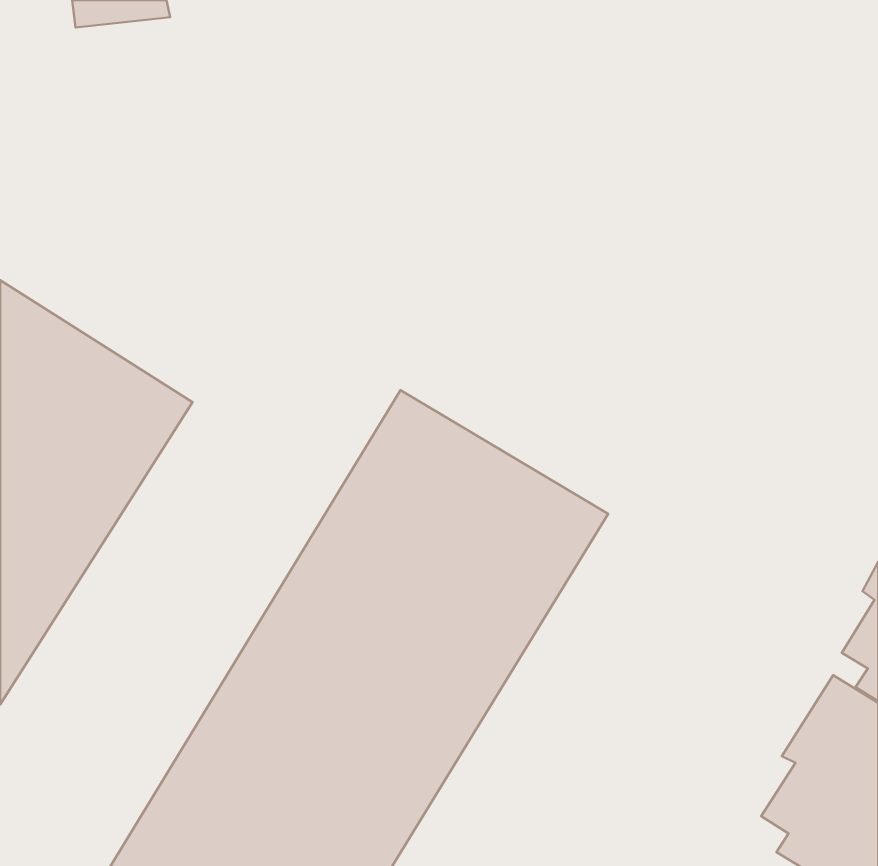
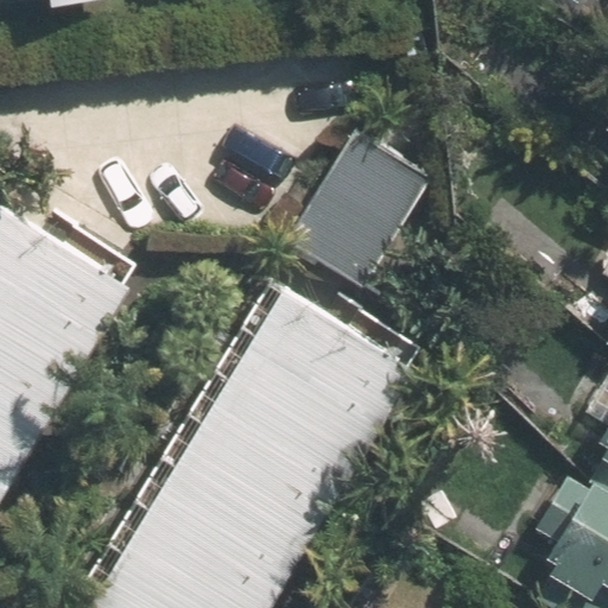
building: none -> [291,137,425,286]

